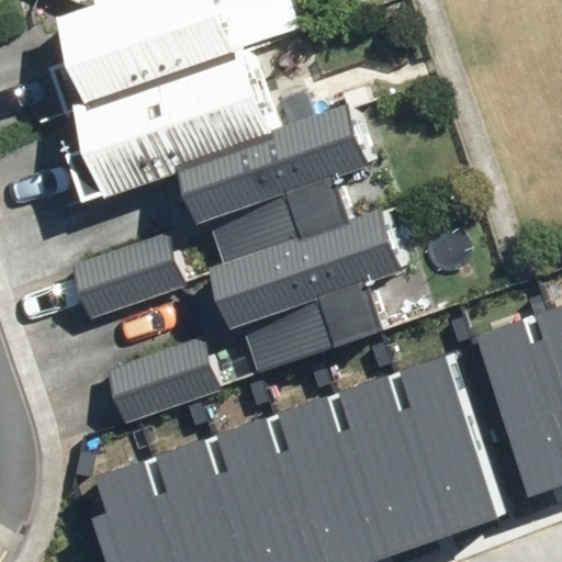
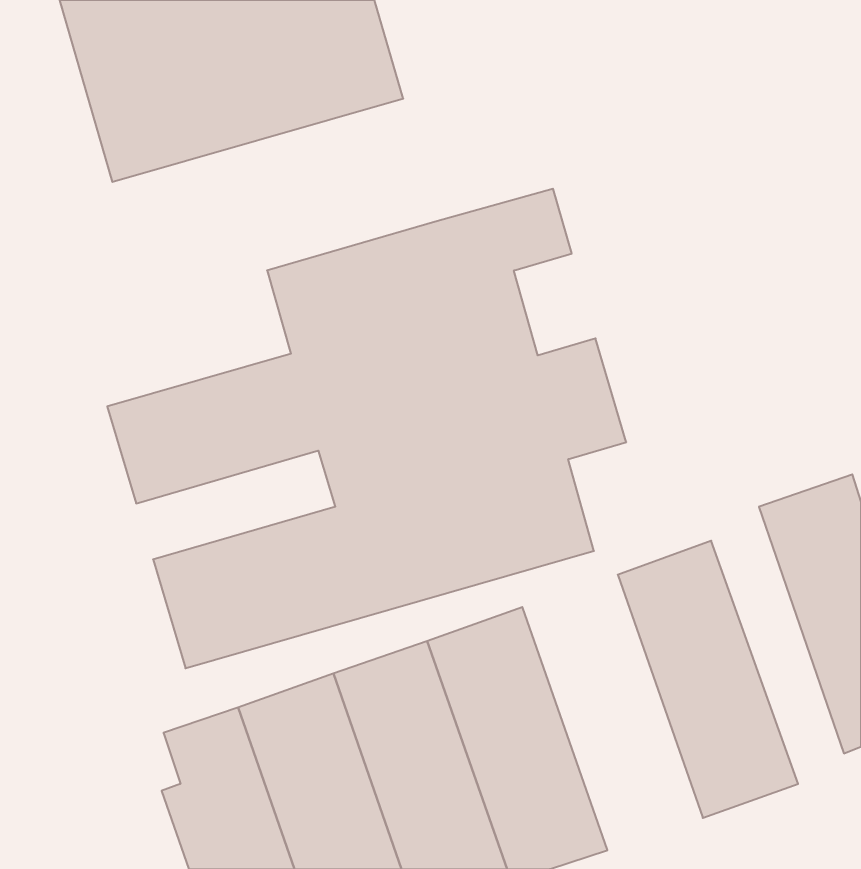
building: [72,64,282,196] -> none
building: [337,371,453,549] -> none

